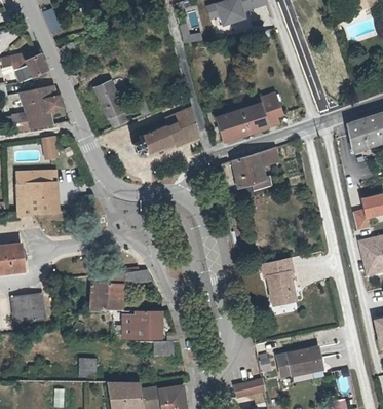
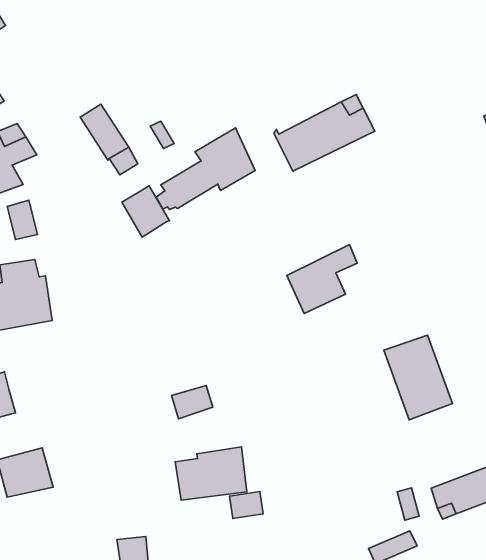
building: none -> [122,186,170,237]
building: [234,150,279,189] -> [287,245,357,314]
building: [88,272,123,312] -> none

